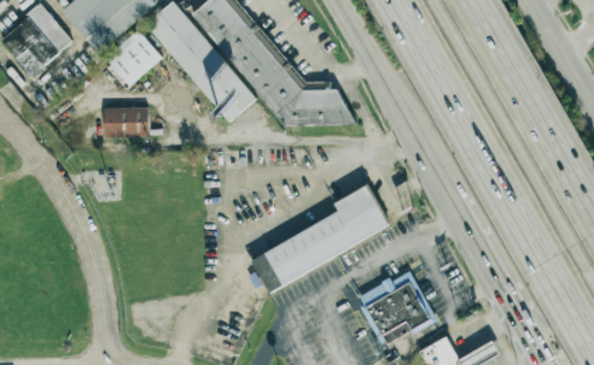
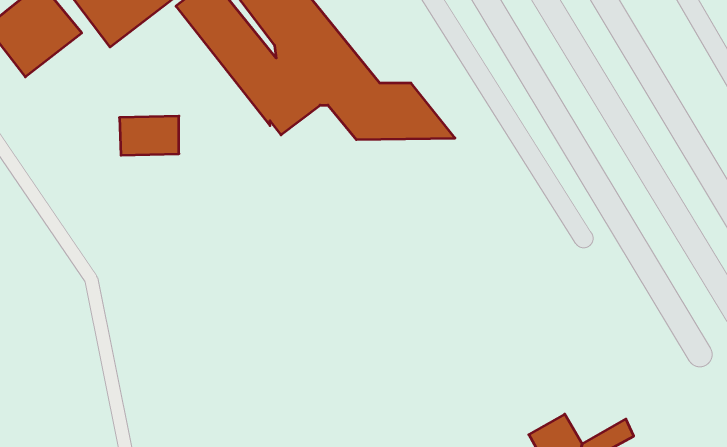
building: [106,29,163,85] -> none
building: [250,185,390,291] -> none
building: [356,270,435,347] -> none

